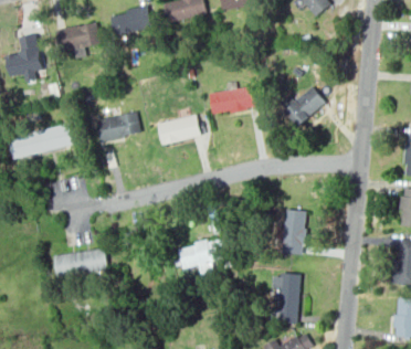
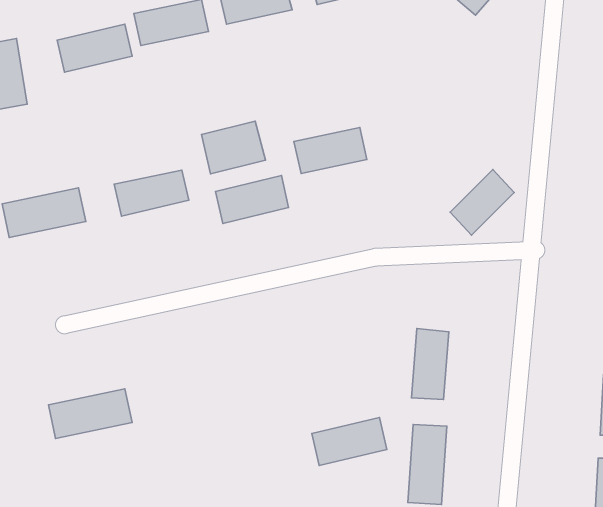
building: [285,81,325,121] -> [450,170,514,235]
building: none -> [201,121,266,174]
building: [178,239,224,268] -> [312,418,387,466]

